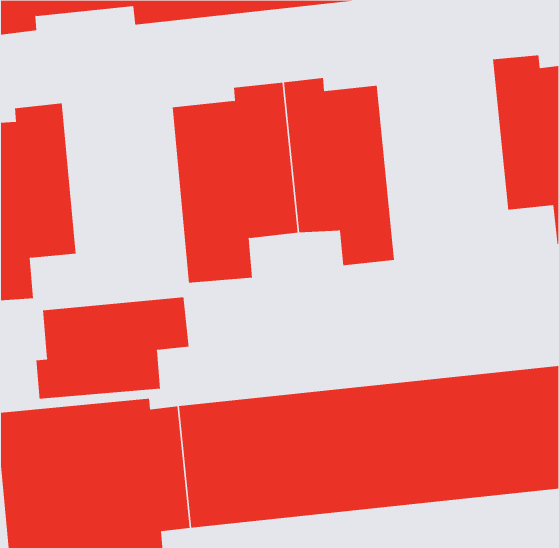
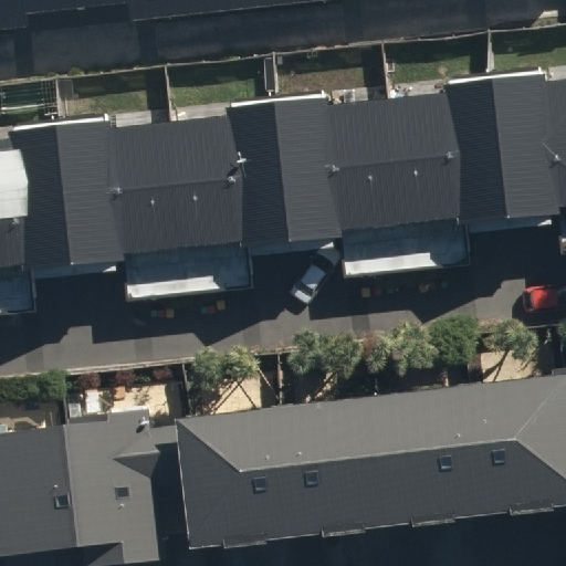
building: none -> [381,71,513,274]
building: none -> [63,111,190,303]
building: [36,297,189,399] -> none

